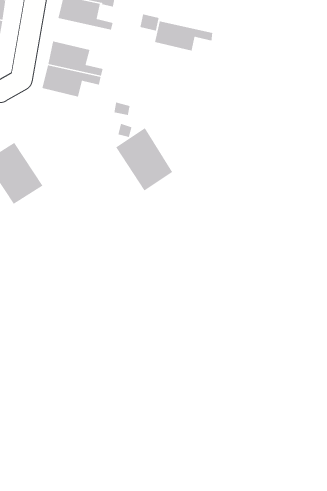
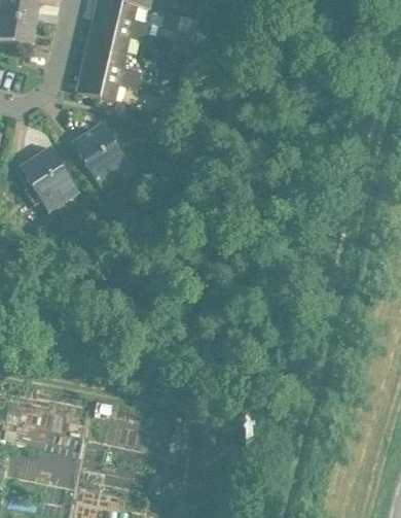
building: [154,21,213,52] -> [87,20,148,51]
building: [115,127,173,191] -> [70,122,130,187]

